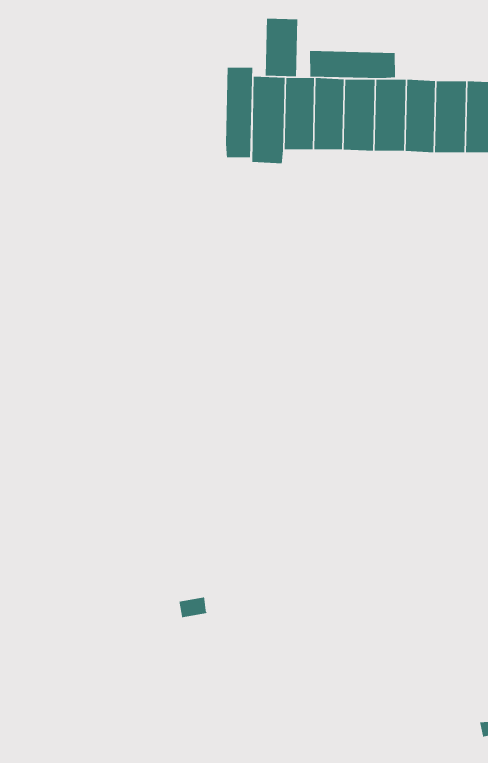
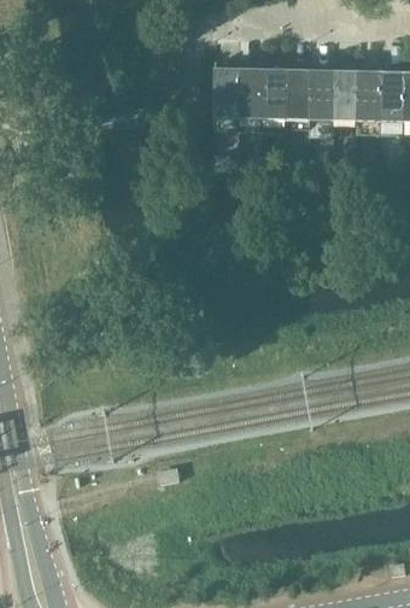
building: [265,18,298,77] -> none
building: [309,50,396,79] -> none
building: [225,67,253,158] -> none

